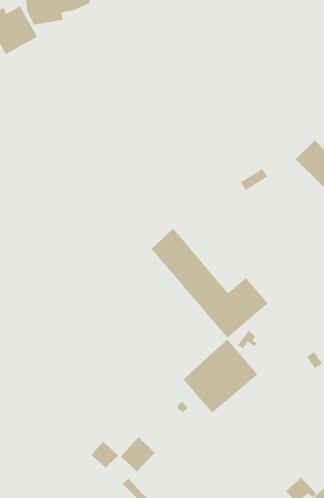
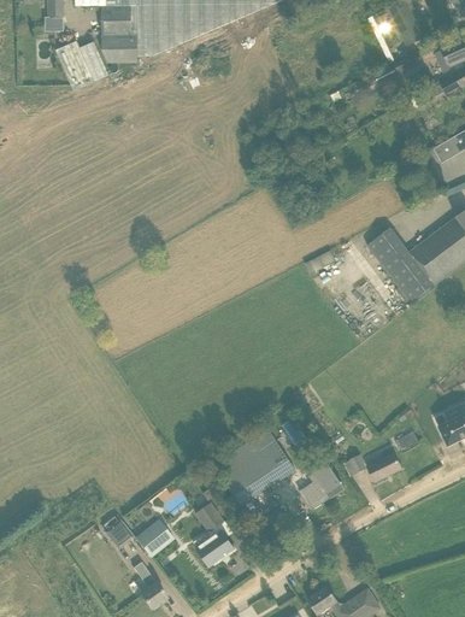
building: [151,228,269,338] -> none
building: none -> [299,462,340,509]
building: none -> [195,503,235,568]

